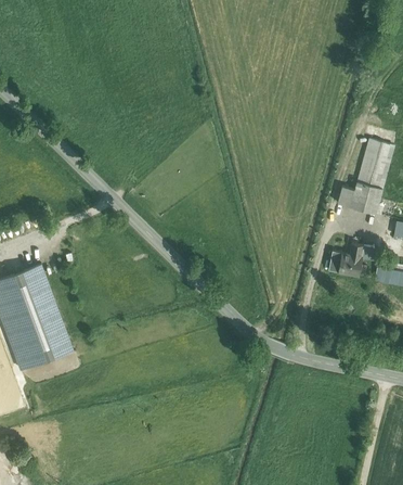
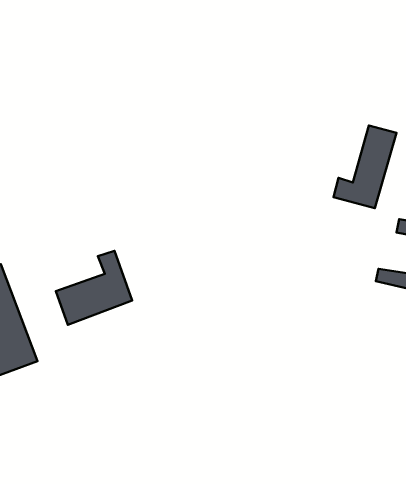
building: [327,244,368,277] -> none
building: none -> [56,251,132,325]

